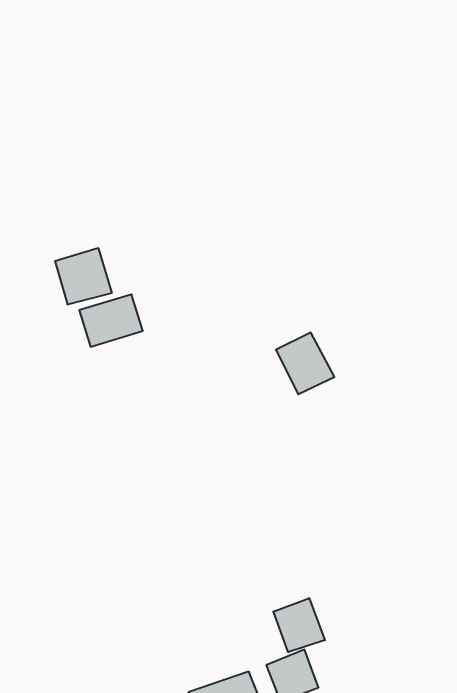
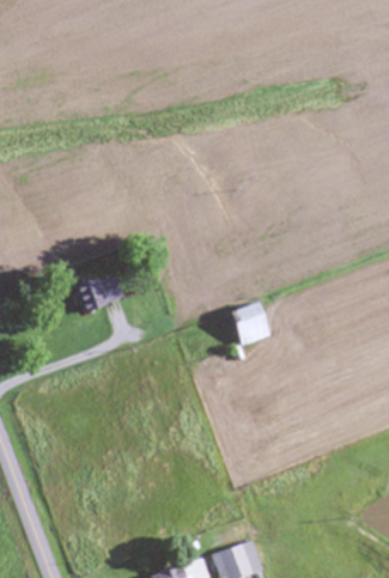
building: [55,248,112,305] -> none
building: [273,598,325,652] -> none

